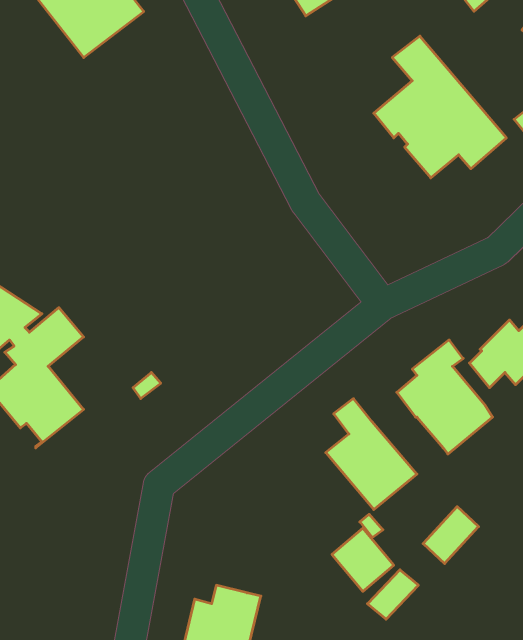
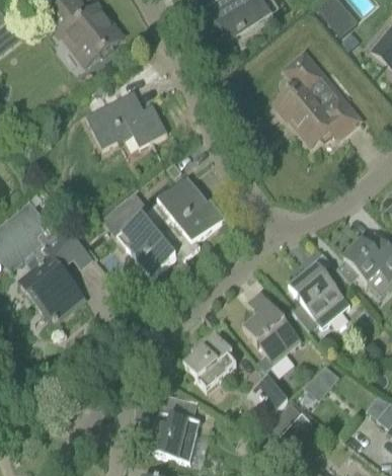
building: none -> [85,90,167,148]
building: none -> [101,177,222,277]
building: none -> [183,328,236,390]

